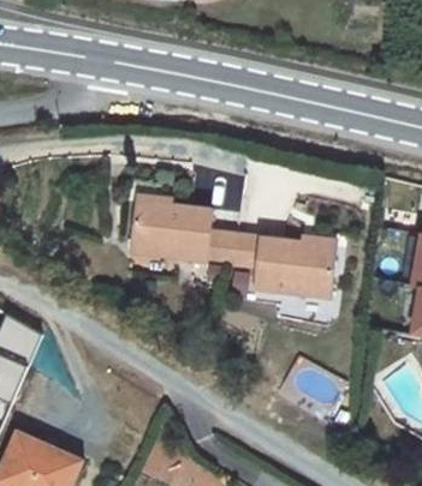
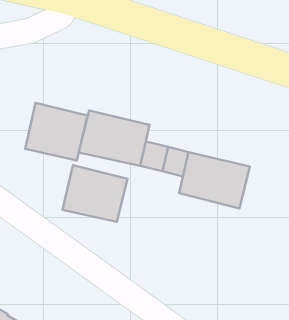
building: none -> [25,103,88,160]
building: none -> [62,165,128,222]

